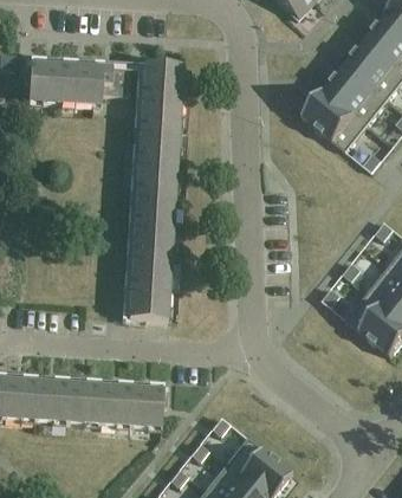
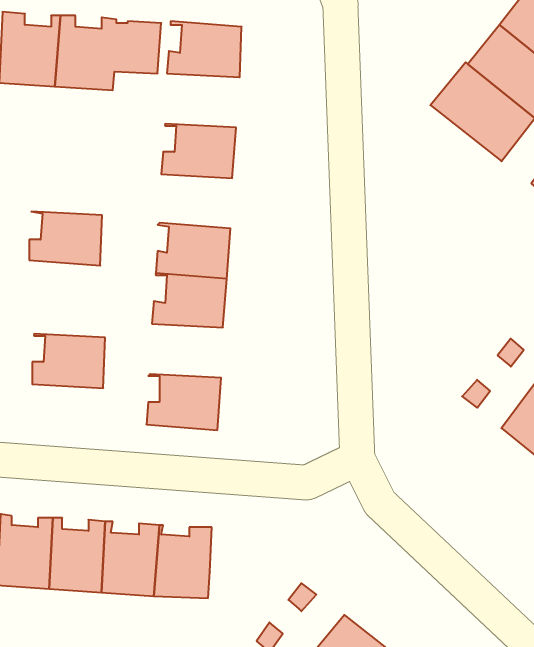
building: [132,95,180,129] -> none
building: [129,159,175,193] -> [29,212,102,266]
building: [123,253,169,287] -> [32,334,105,388]

